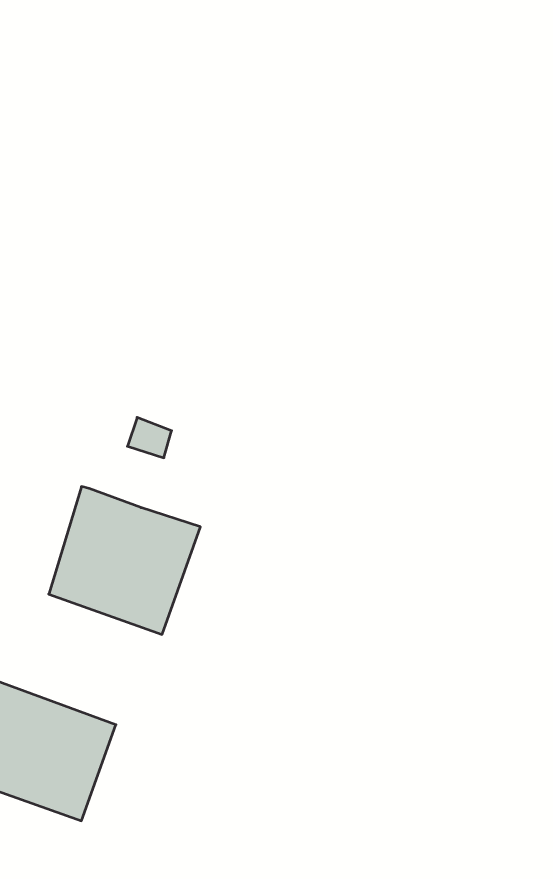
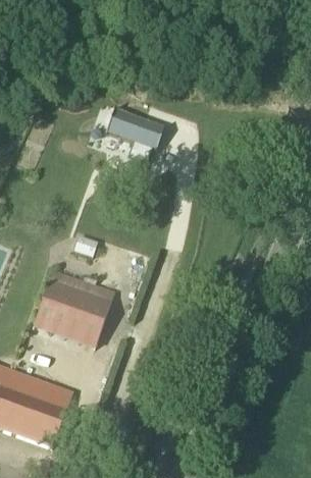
building: none -> [107,107,164,148]

